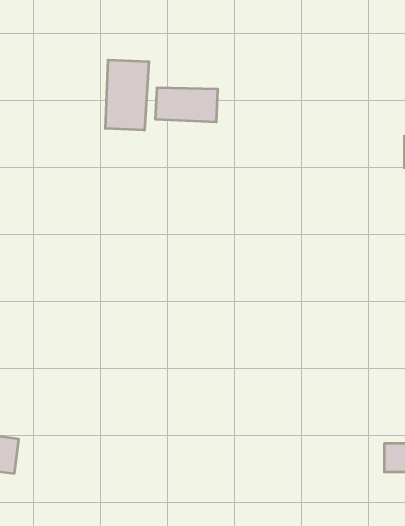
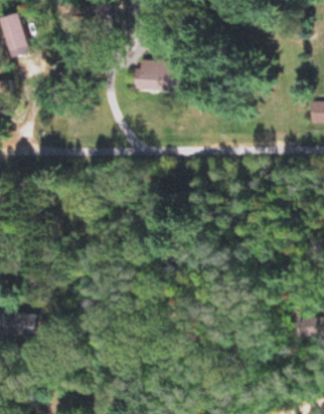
building: [105,60,149,130] -> none

